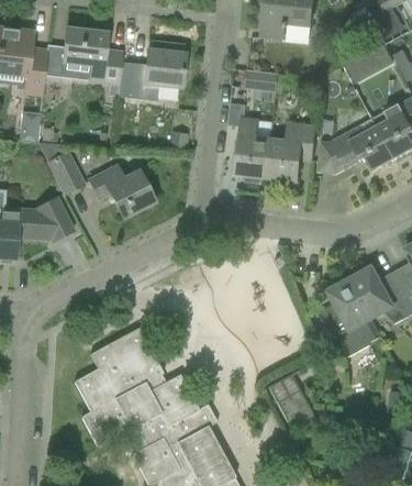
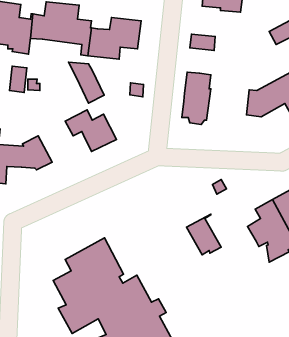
building: [266,123,315,181] -> none
building: [37,142,82,194] -> [69,62,104,103]
building: [267,369,311,421] -> [186,214,221,255]

